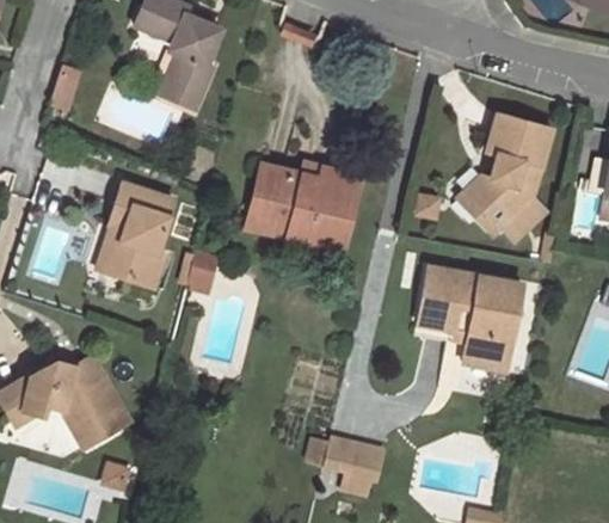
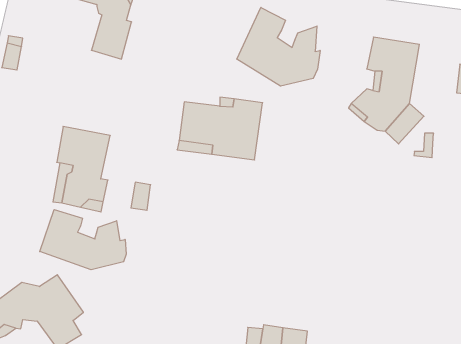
building: none -> [237,7,320,86]
building: [419,266,523,370] -> none
building: none -> [40,210,126,270]

